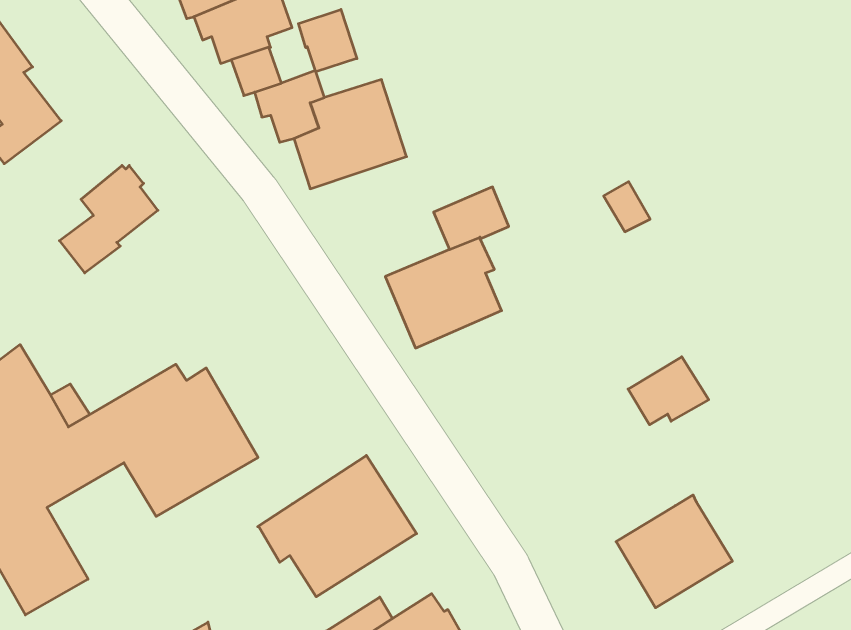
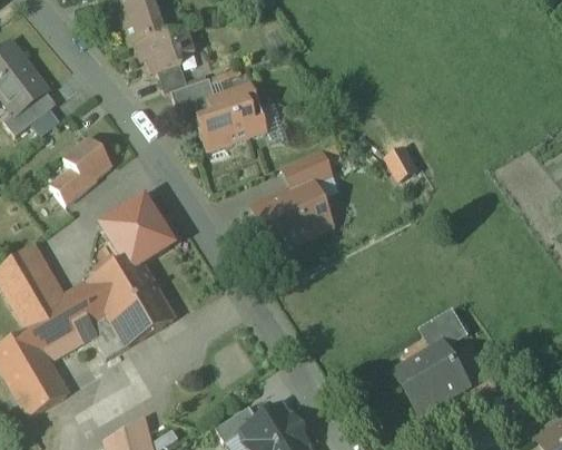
building: [298,9,357,72] -> none
building: none -> [102,198,171,270]
building: [628,357,709,425] -> [421,305,471,348]
building: [258,455,417,597] -> none

